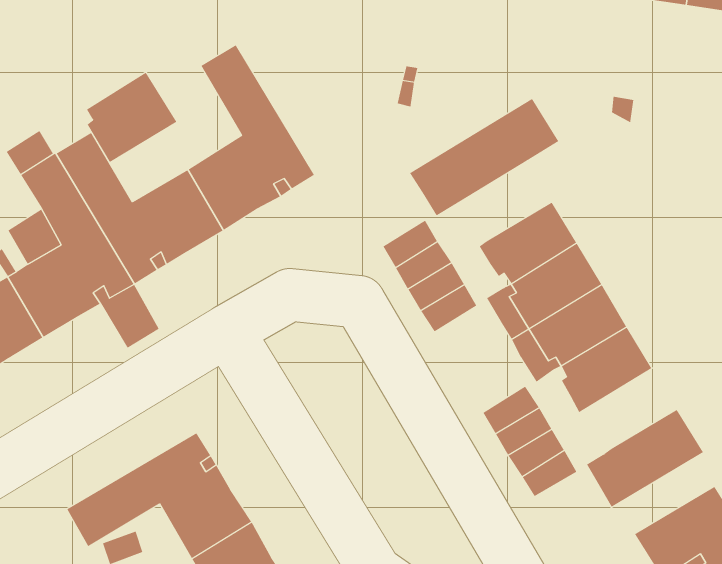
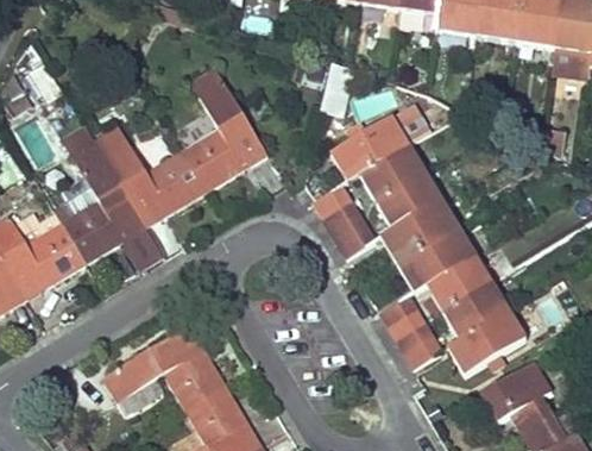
building: [86,72,177,163] -> none
building: none -> [360,145,426,199]
building: none -> [443,283,509,337]

